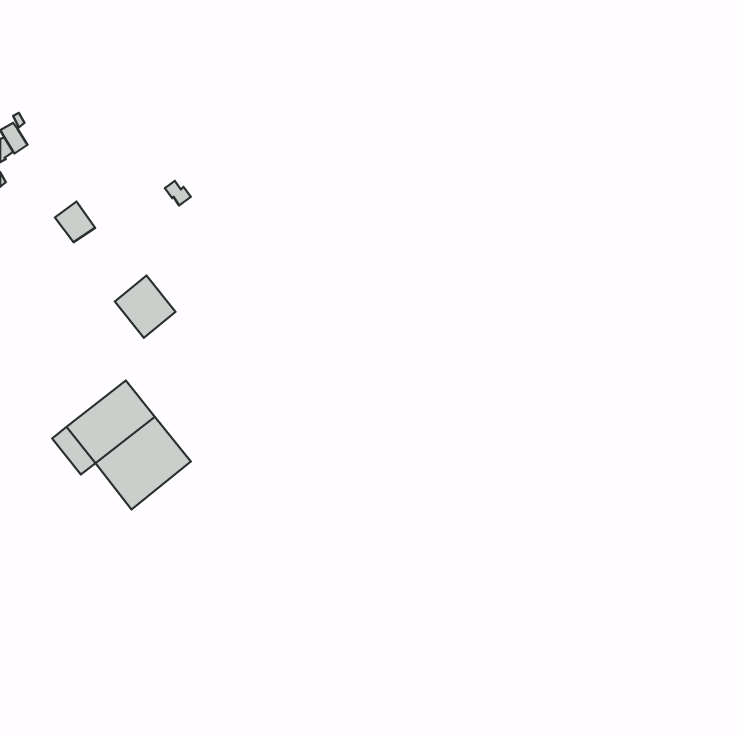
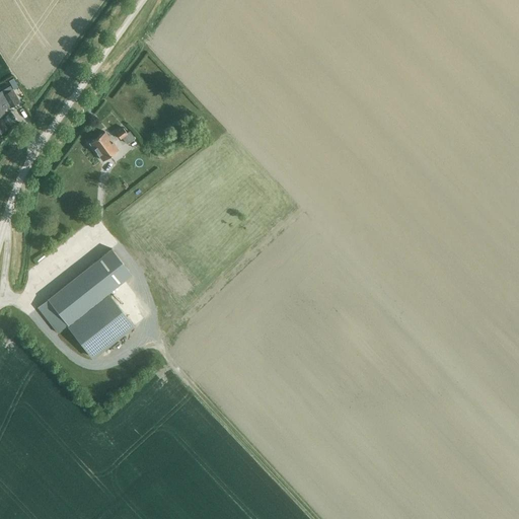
building: [55,202,95,242] -> [89,132,118,160]
building: [115,276,176,338] -> [88,249,131,293]

